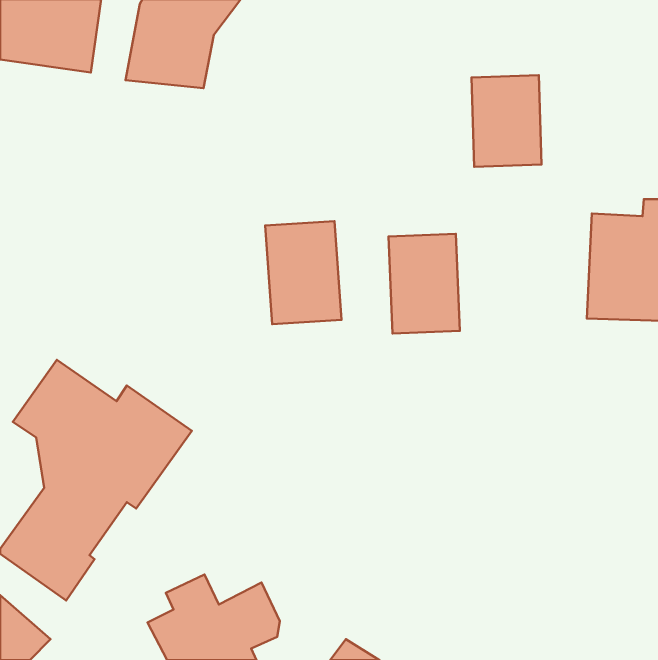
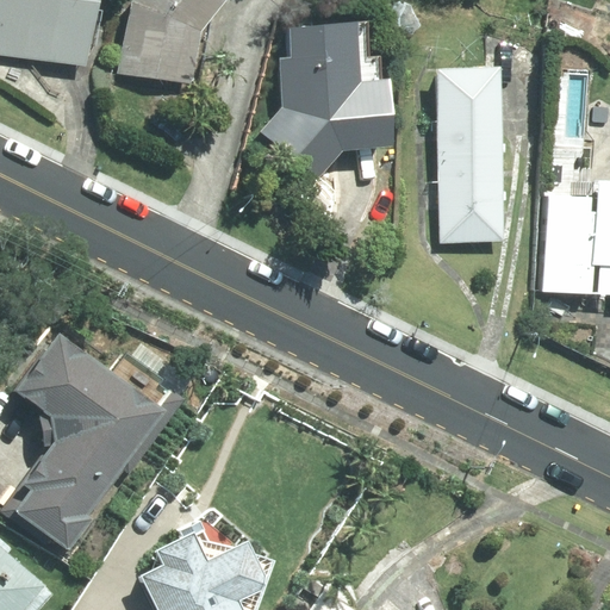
building: none -> [262,25,392,179]
building: [265,221,342,324] -> none
building: [389,234,460,333] -> [440,151,505,243]

